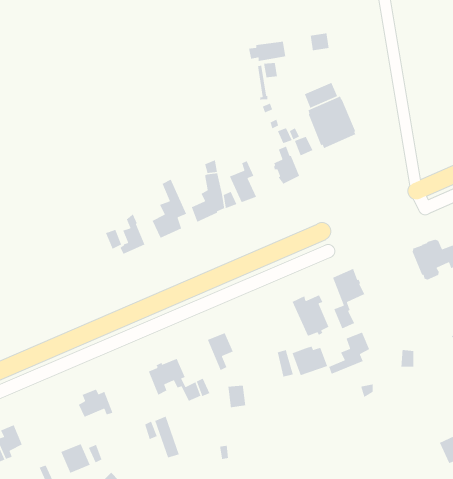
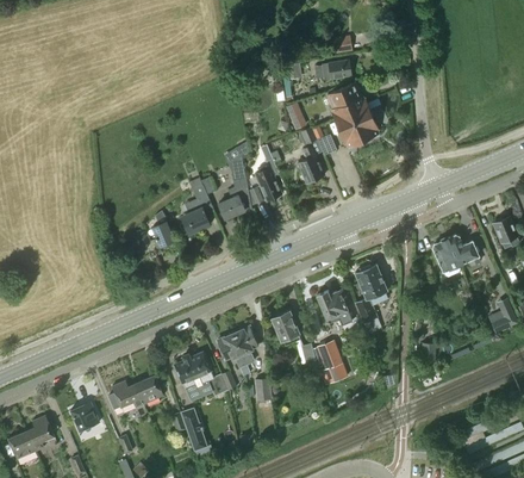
building: [248,41,286,62] -> [314,60,351,80]
building: none -> [272,310,300,346]
building: [328,331,370,375] -> none
building: none -> [216,333,247,367]
building: none -> [135,374,163,404]
building: [60,443,91,474] -> [70,401,100,430]

